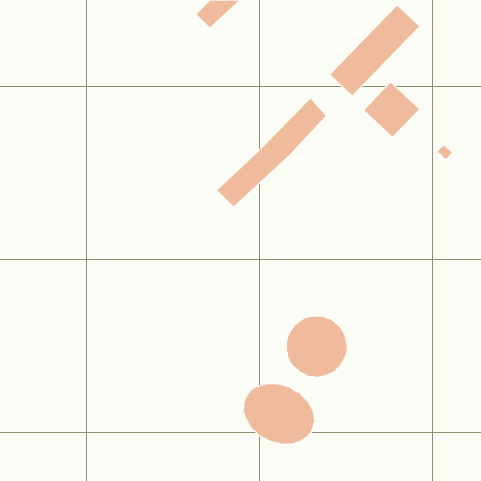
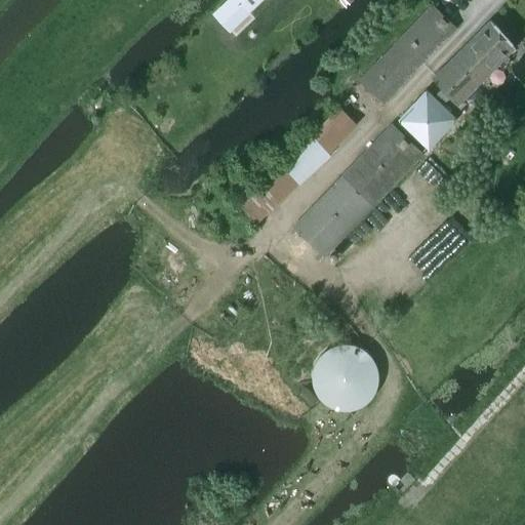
building: none -> [432,21,515,110]
building: none -> [293,125,421,256]
building: [243,383,315,444] -> none

